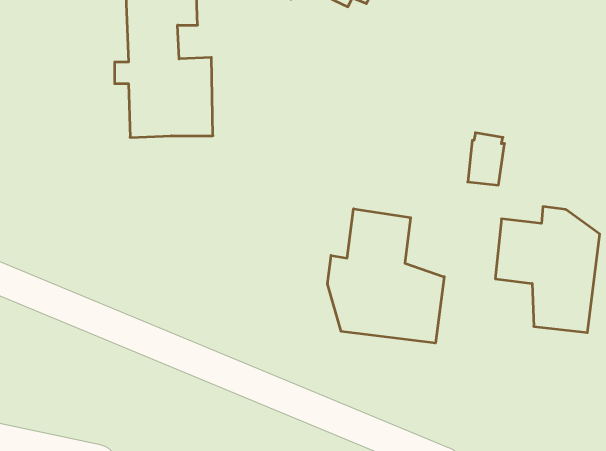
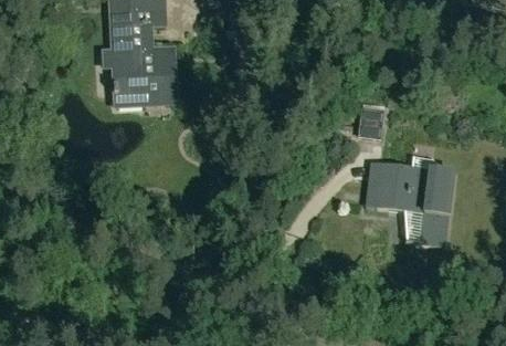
building: [328,209,444,343] -> none

